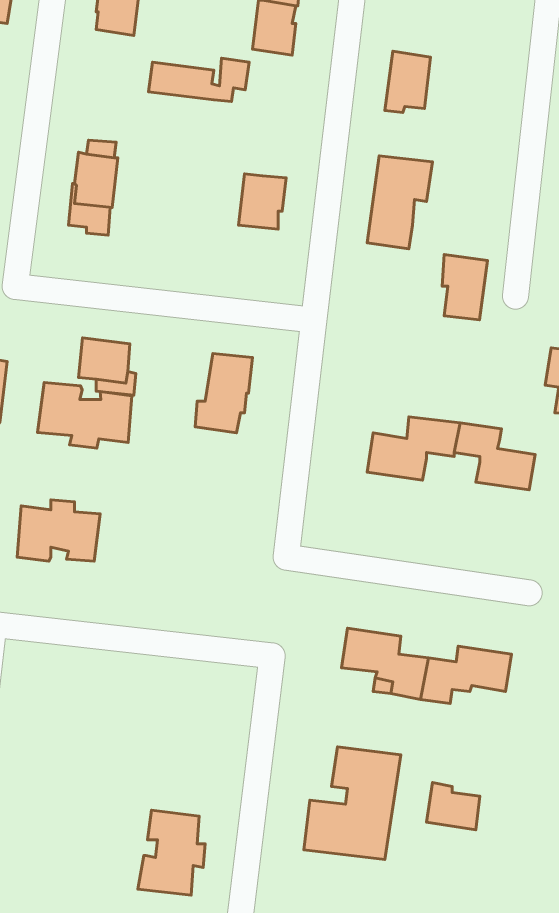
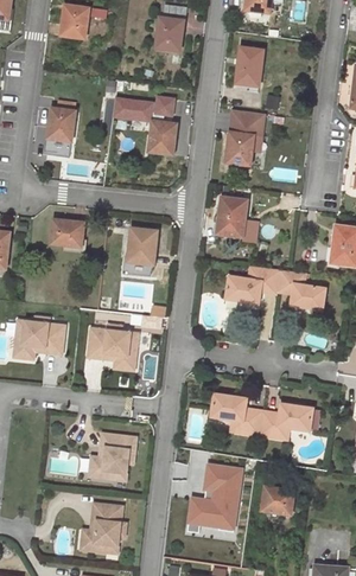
building: [148,58,249,102] -> [112,96,172,122]
building: [442,255,488,320] -> [218,198,246,237]
building: [38,382,132,448] -> none
building: none -> [88,325,138,364]
building: none -> [96,433,138,480]

